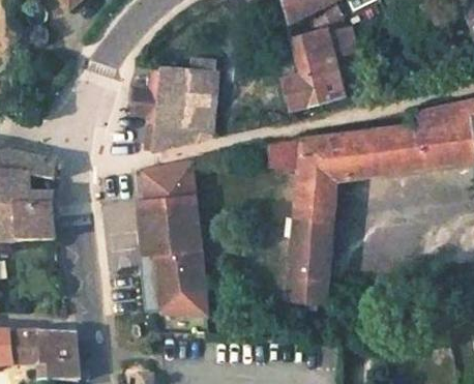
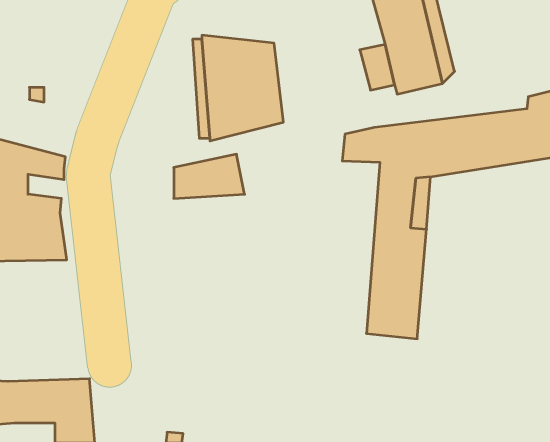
building: [135,195,206,314] -> none

